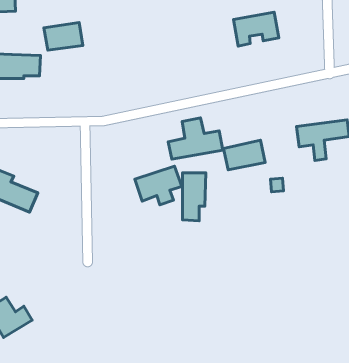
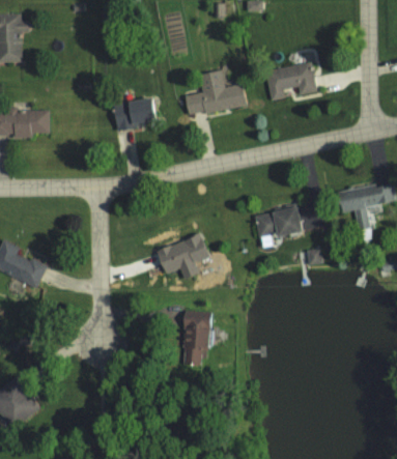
building: [44,22,83,50] -> [113,97,157,128]
building: [168,118,223,159] -> [185,69,246,116]
building: [183,173,206,221] -> [183,312,209,366]

